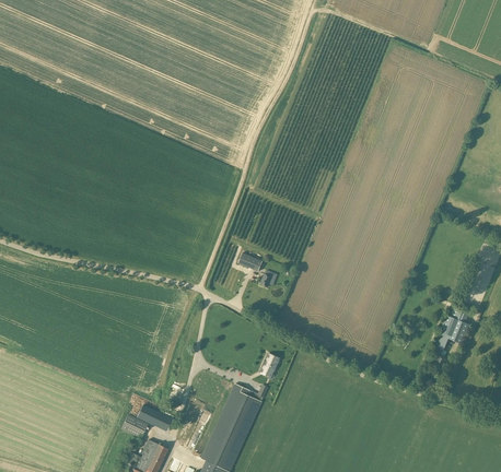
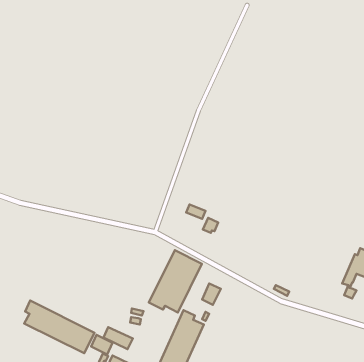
building: none -> [149,250,202,312]
building: none -> [24,301,95,353]

